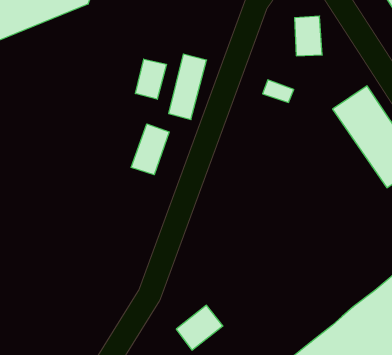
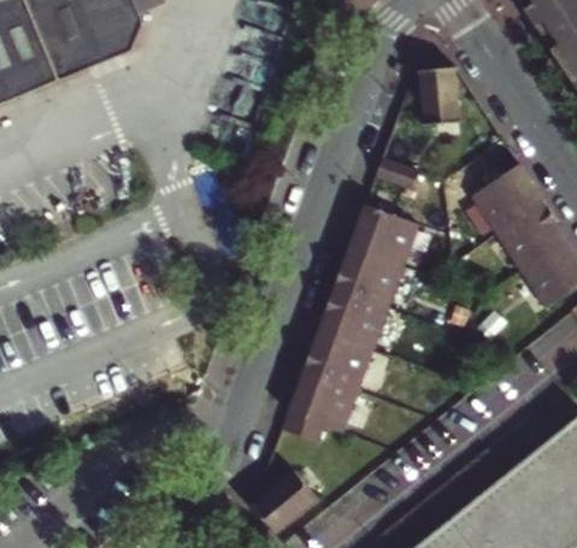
building: [135,59,166,99] -> none
building: none -> [283,202,419,441]
building: [131,124,169,175] -> none

